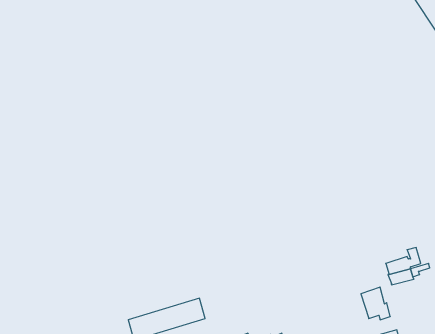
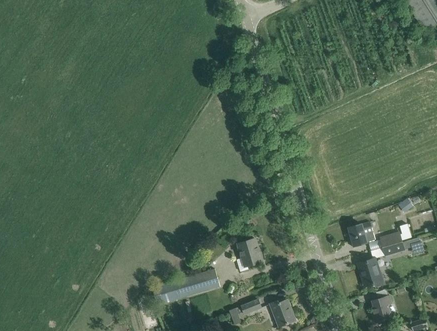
building: none -> [348,222,375,247]
building: none -> [236,238,262,272]

